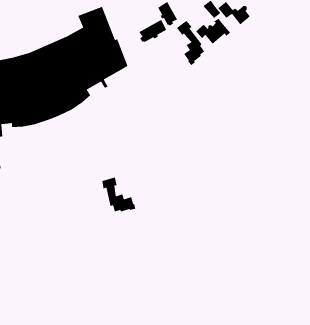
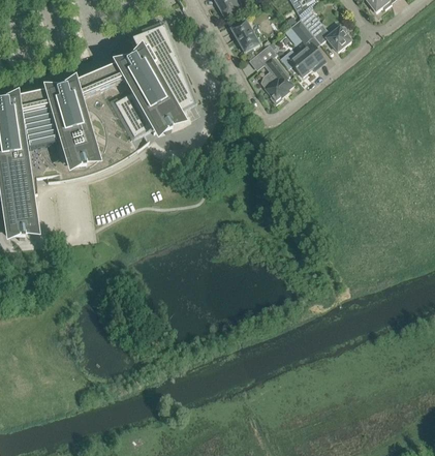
building: [138,19,167,43] -> none
building: [101,176,136,212] -> none

